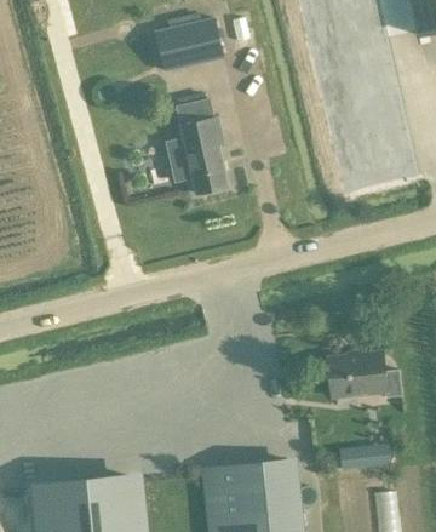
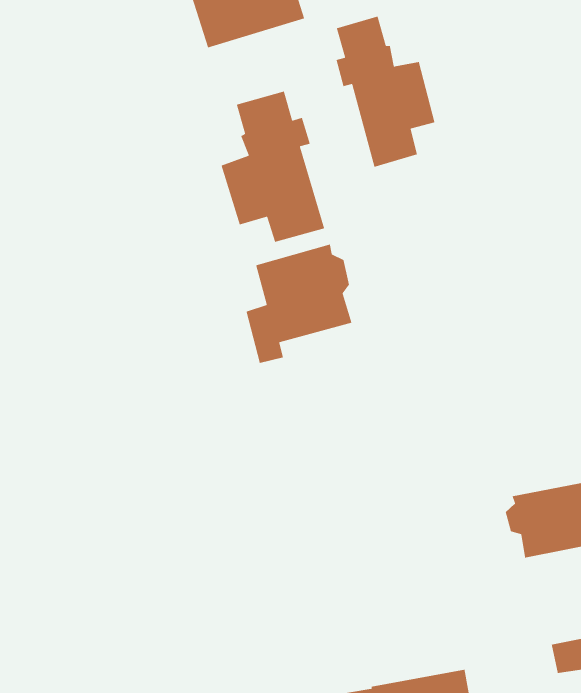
building: none -> [336,16,435,168]
building: none -> [246,243,352,364]

